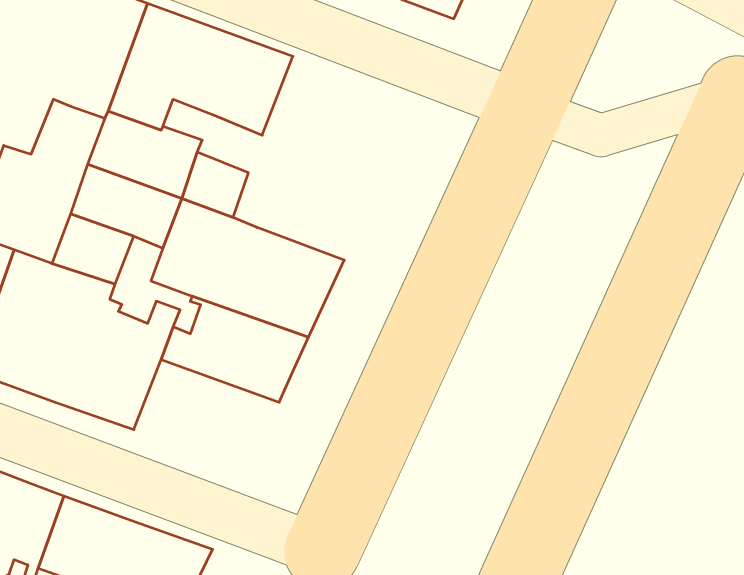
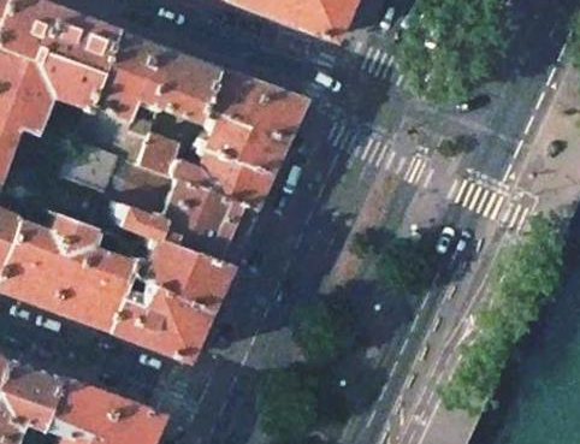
building: none -> [195,69,307,212]
building: none -> [108,282,211,361]

